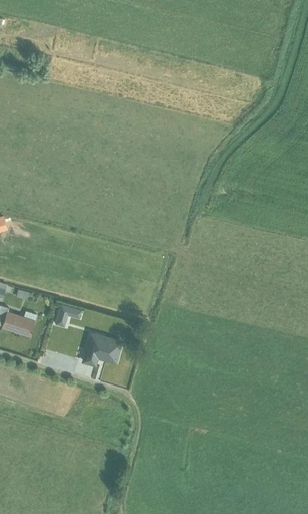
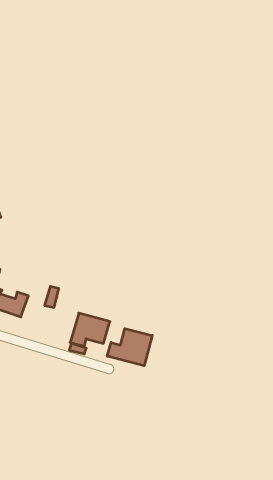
building: none -> [107,329,152,366]

